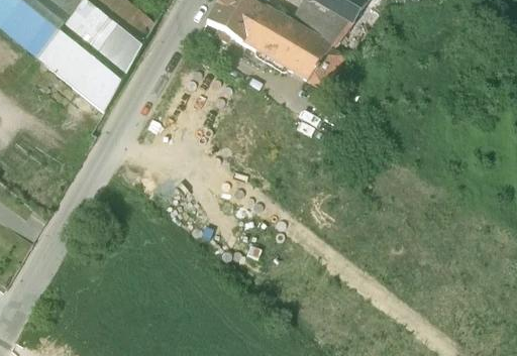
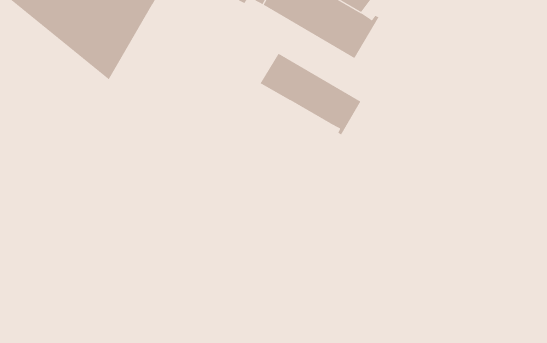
building: none -> [260,53,361,136]

